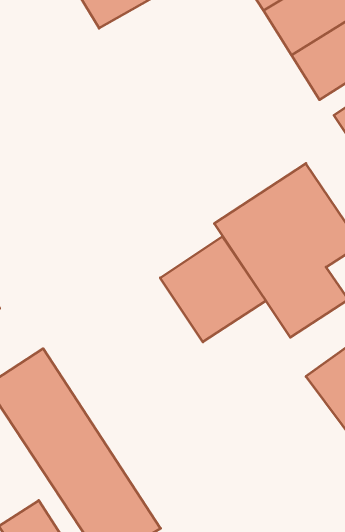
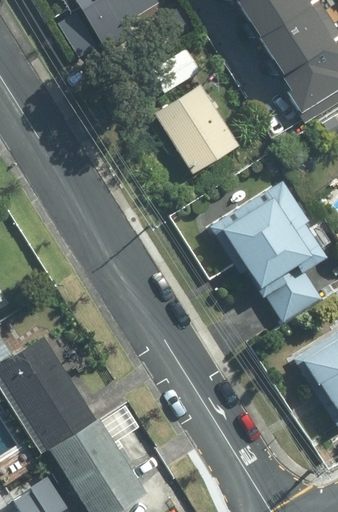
building: none -> [153,87,238,175]
building: [160,236,266,342] -> none

